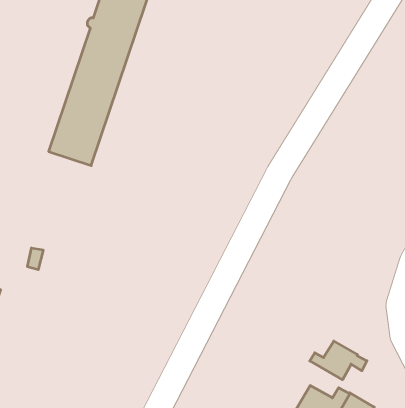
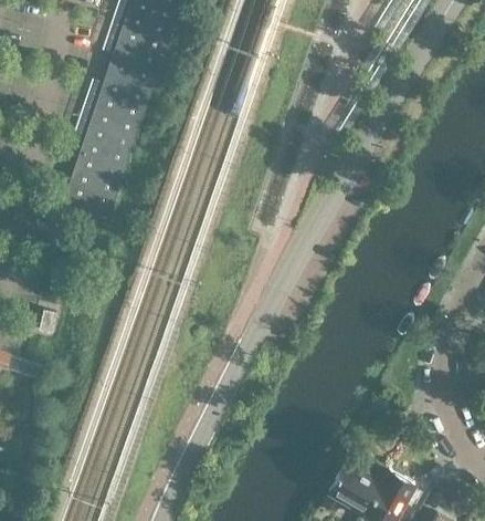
building: [310,341,367,380] -> none

